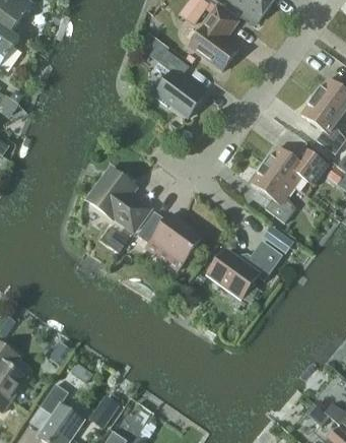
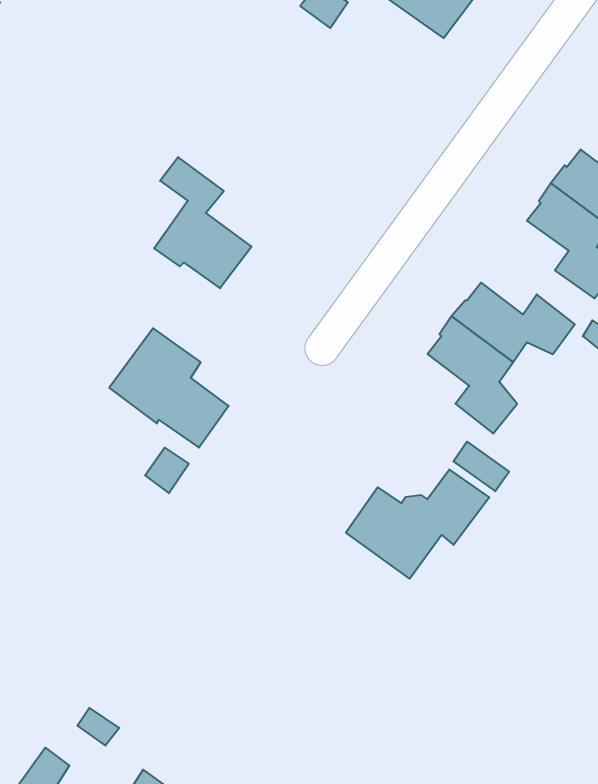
building: [189,5,237,70] -> none
building: [154,49,204,116] -> [154,157,252,288]
building: [137,210,202,261] -> none

